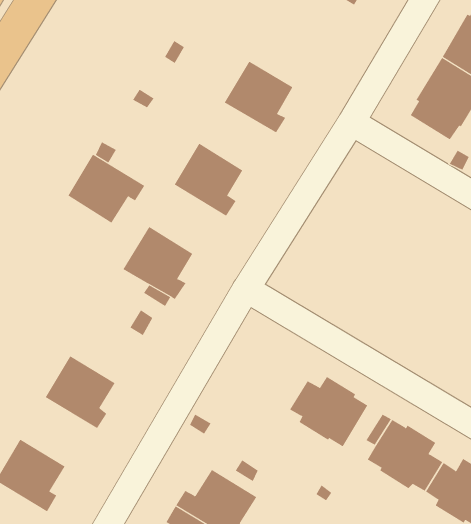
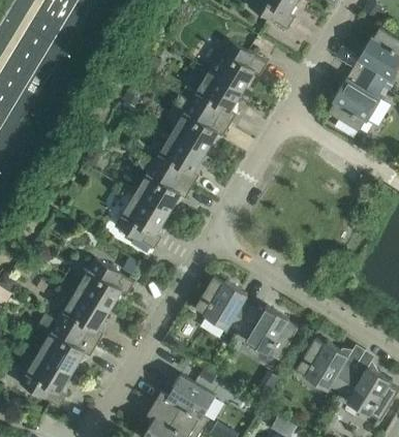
building: none -> [209,39,267,91]
building: none -> [172,102,229,153]
building: [67,154,145,223] -> [134,163,192,215]
building: none -> [75,259,134,311]
building: none -> [195,277,252,331]
building: none -> [38,314,96,373]

